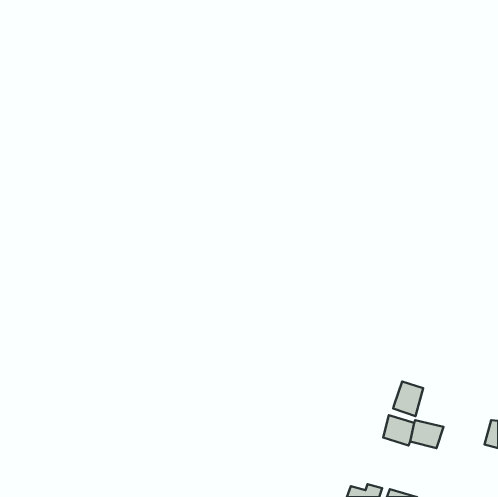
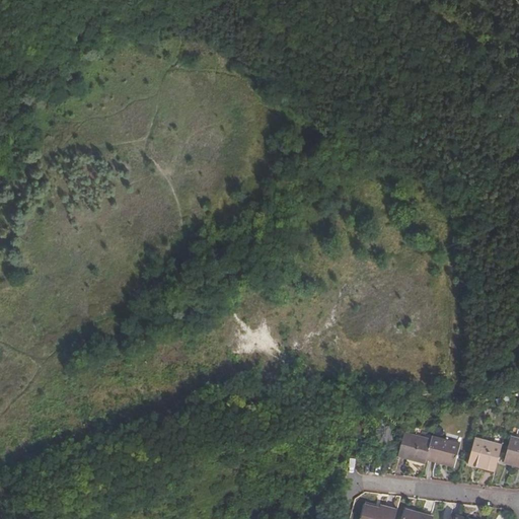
building: [393,382,423,416] -> none
building: none -> [469,438,503,470]

